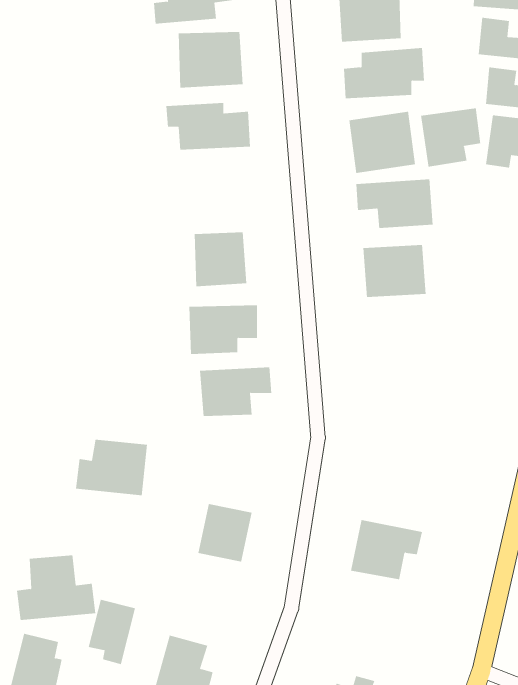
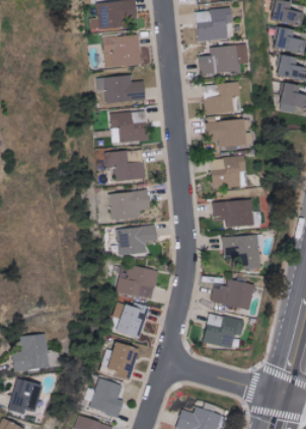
building: [421,108,481,168] -> none
building: none -> [111,112,148,142]
building: none -> [214,200,260,227]
building: none -> [223,235,263,269]
building: [75,439,148,496] -> [116,266,157,298]
building: none -> [212,281,252,308]
building: [88,599,136,665] -> [106,342,134,379]

